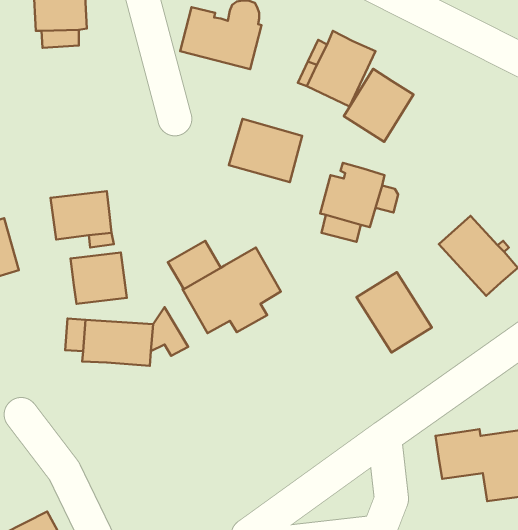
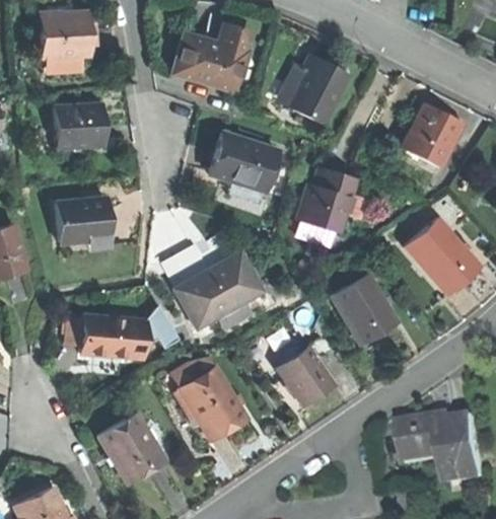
building: [344,69,414,142] -> [401,98,464,164]
building: none -> [53,105,103,148]
building: [71,252,127,304] -> none
building: none -> [276,346,333,404]
building: none -> [179,365,247,439]
building: none -> [98,413,164,483]

